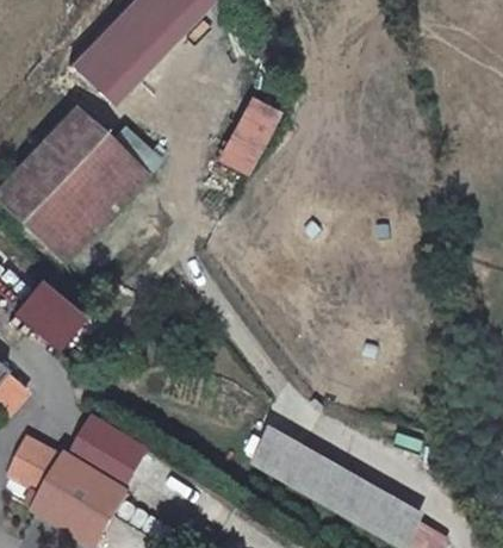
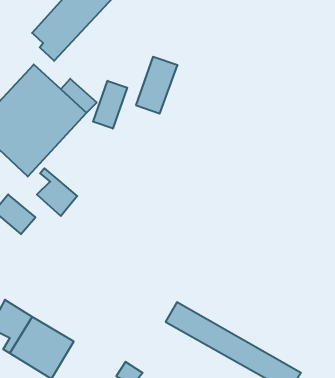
building: none -> [93,81,127,129]
building: none -> [37,168,77,216]
building: [74,419,156,494] -> none

